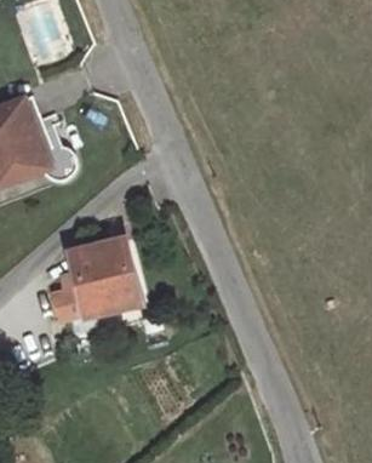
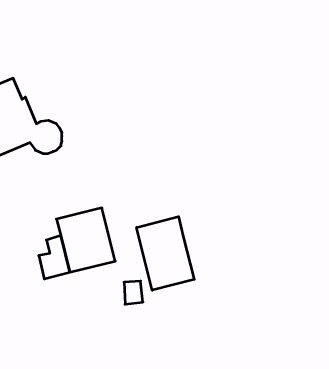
building: none -> [137,217,194,290]

